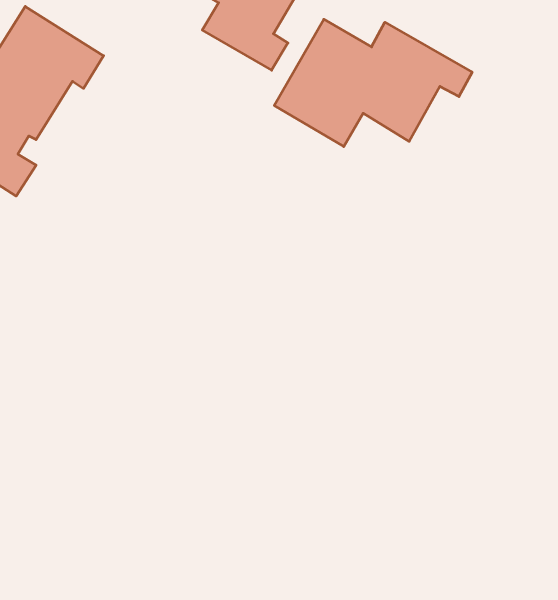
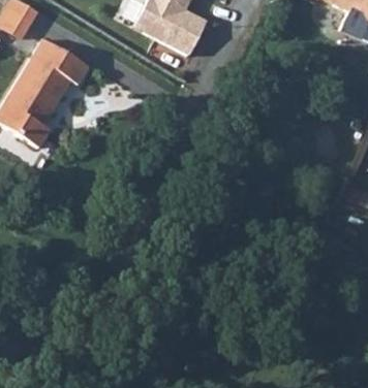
building: [274,19,472,147] -> none

